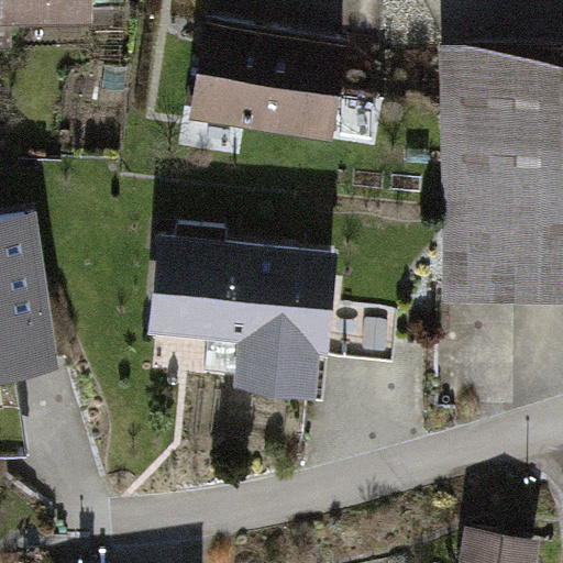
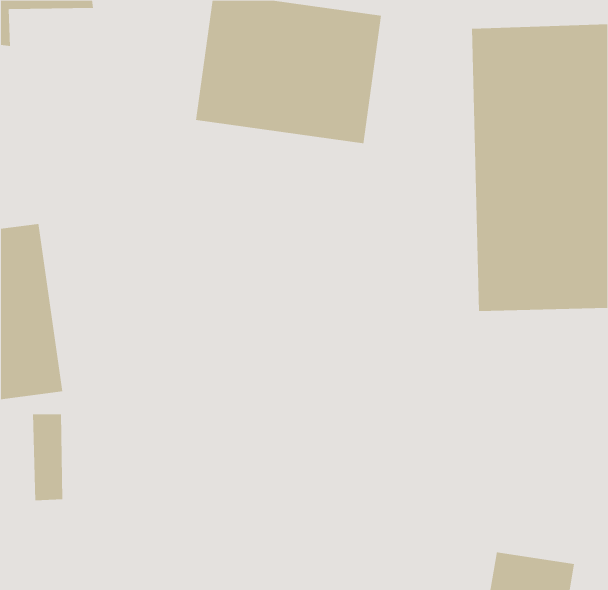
building: [150,240,342,399] -> none

